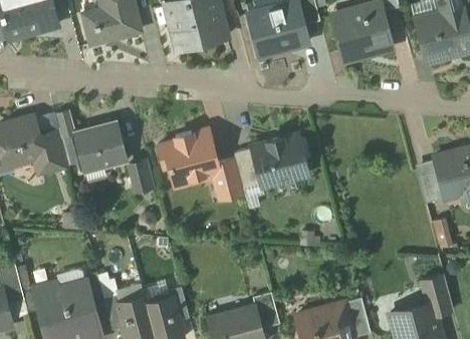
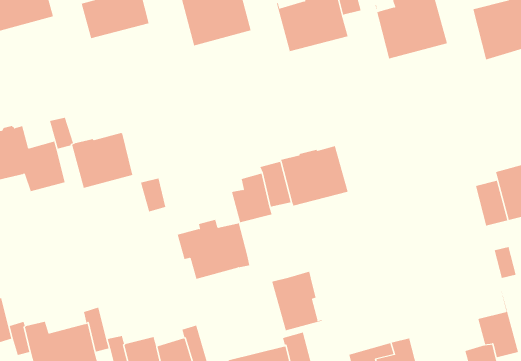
building: [158,132,220,184] -> [177,219,250,280]
building: none -> [272,271,323,331]

